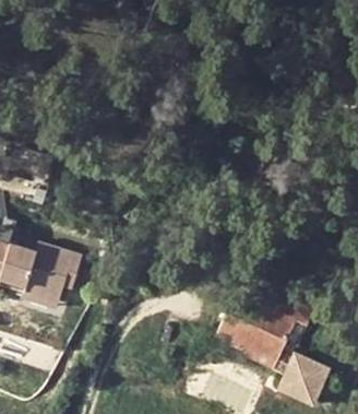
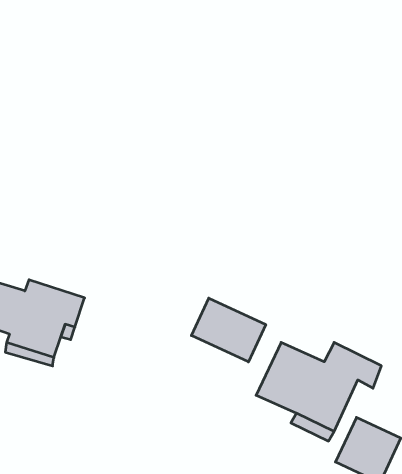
building: none -> [191,298,266,362]

